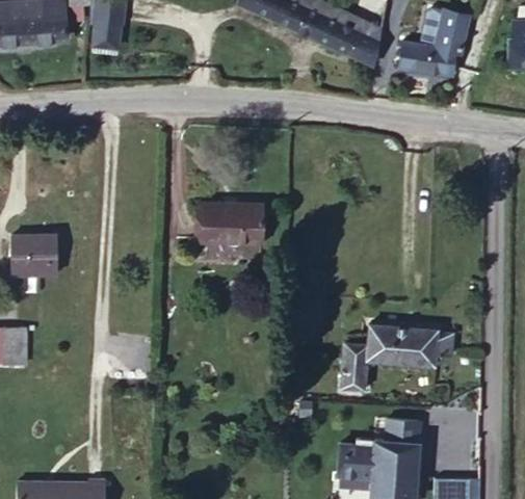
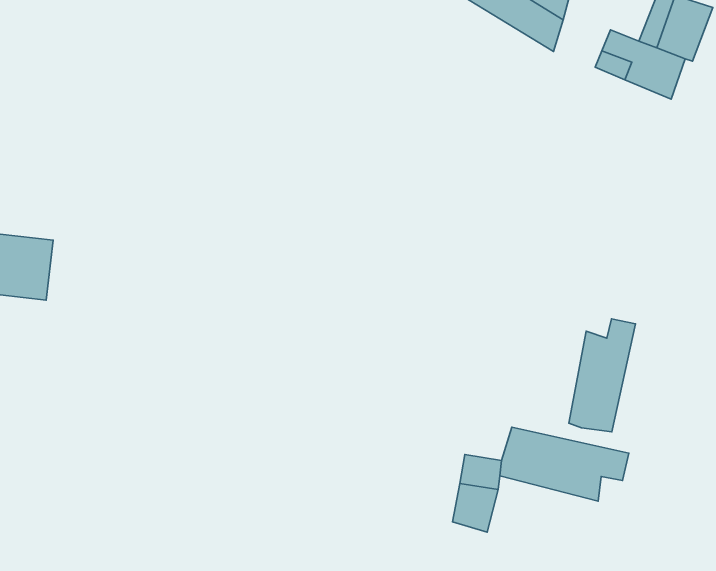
building: [201,209,259,250] -> none
building: none -> [569,319,636,432]

